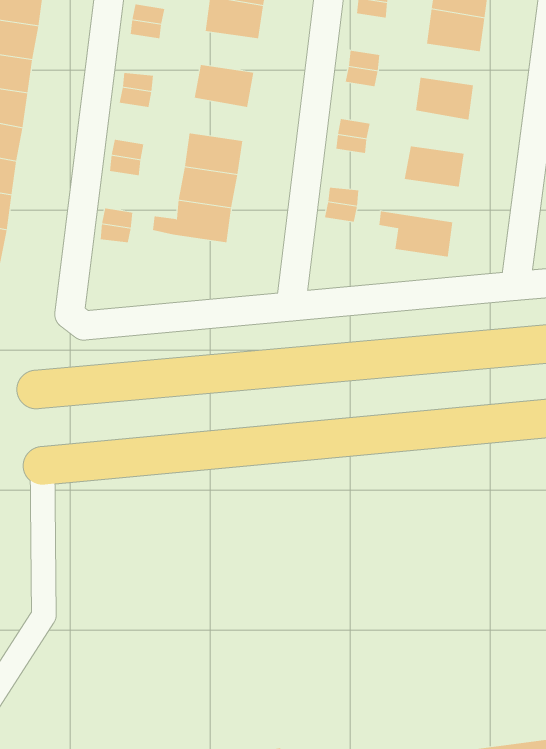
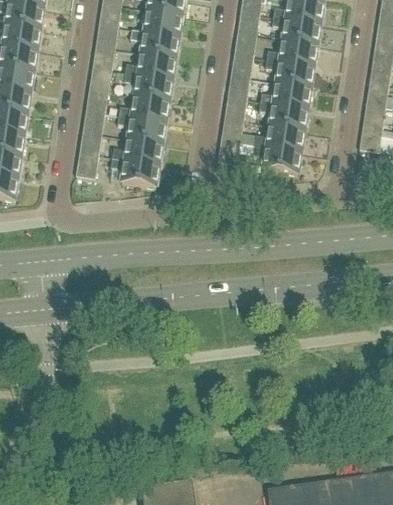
building: none -> [128,29,177,58]
building: none -> [278,40,316,66]
building: none -> [133,74,170,101]
building: none -> [272,82,309,109]
building: none -> [253,125,303,152]
building: none -> [120,160,157,187]

